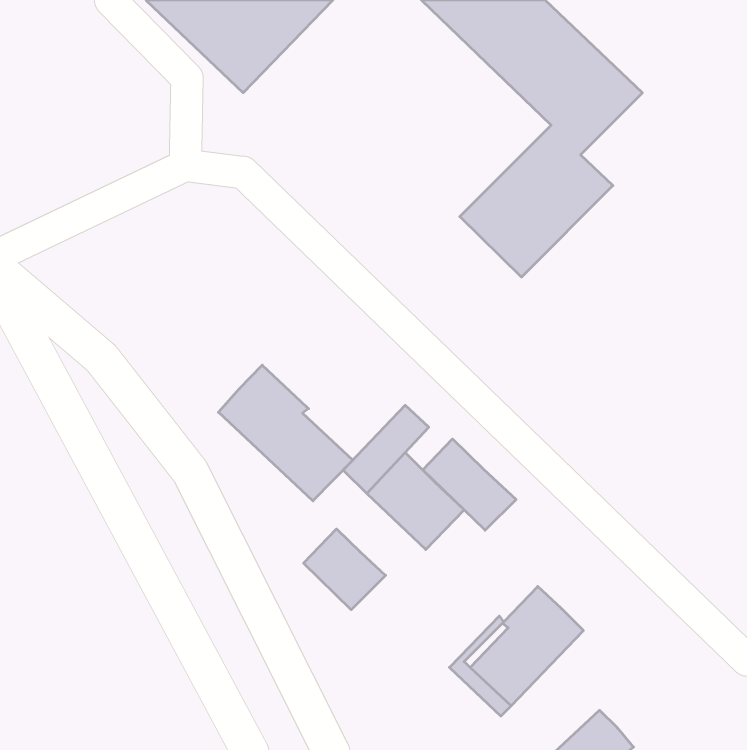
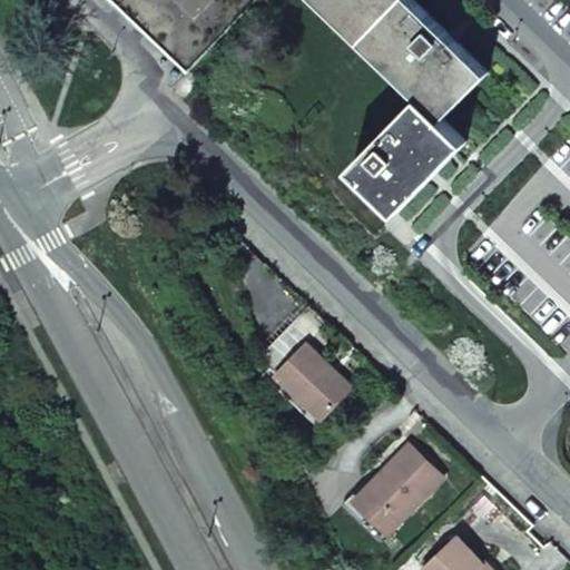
building: [218,365,353,501] -> none
building: [423,439,516,530] -> none
building: [304,529,386,610] -> none

